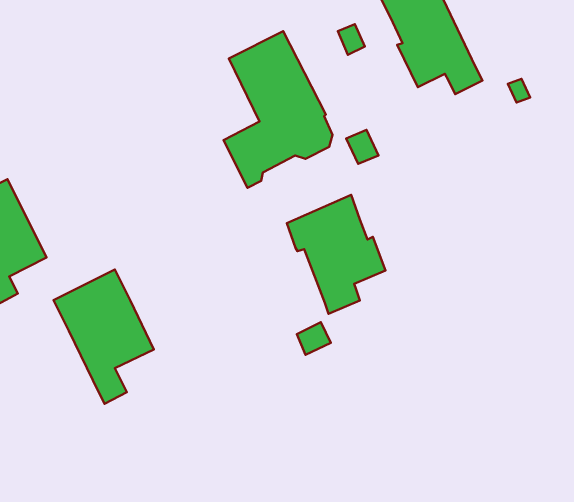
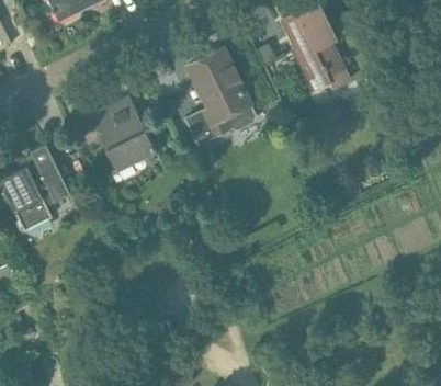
building: [287,195,386,314] -> none
building: [54,269,154,404] -> [89,94,154,181]

